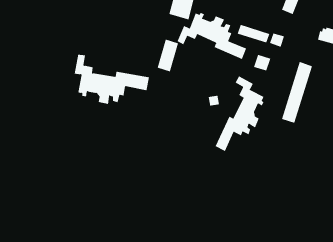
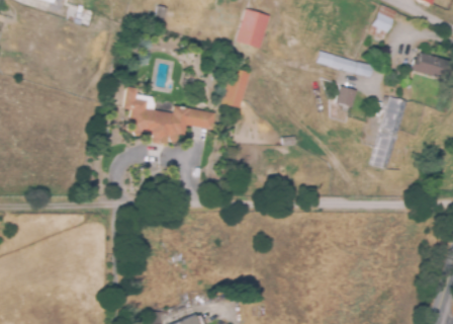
building: [177,12,247,60] -> none
building: [215,76,264,152] -> none

